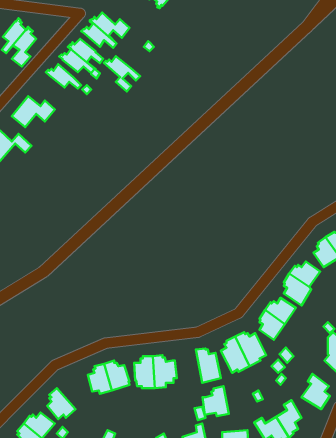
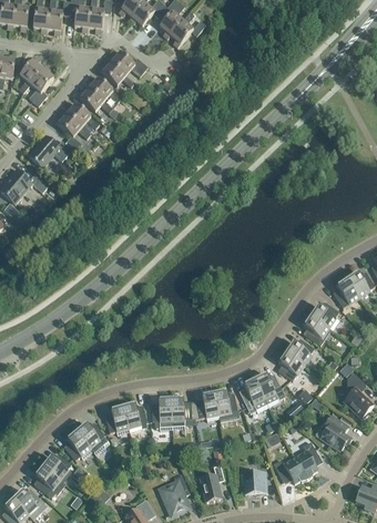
building: [104,56,140,92] -> [54,114,91,150]
building: none -> [74,421,110,454]
building: [202,386,229,416] -> [193,390,220,420]

